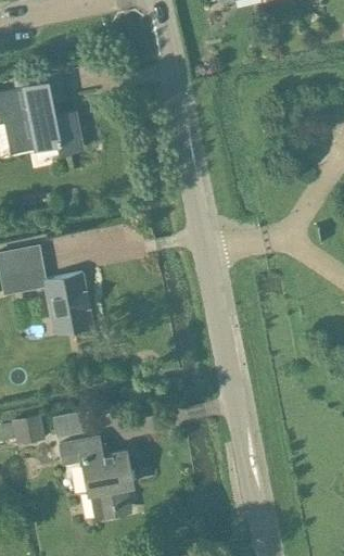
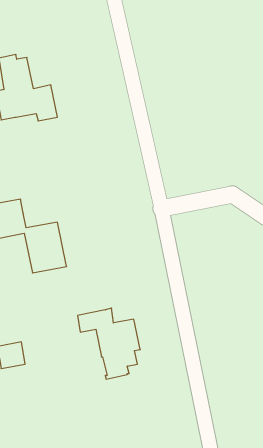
building: [55,409,93,438] -> none
building: [61,438,135,521] -> [78,308,140,379]

